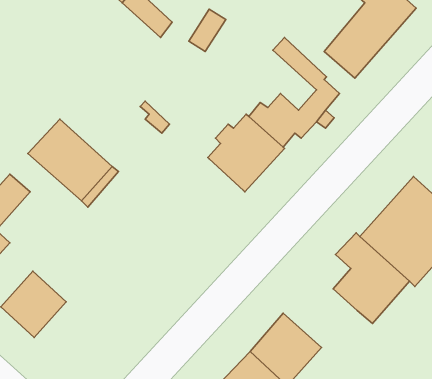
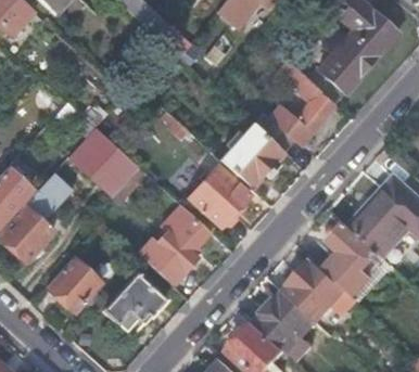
building: none -> [189,161,252,227]
building: none -> [139,187,207,284]
building: none -> [290,259,348,318]
building: none -> [104,273,165,331]

